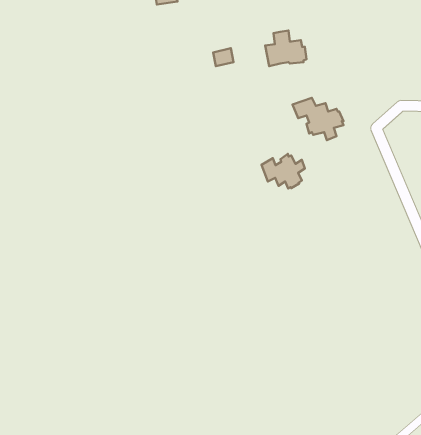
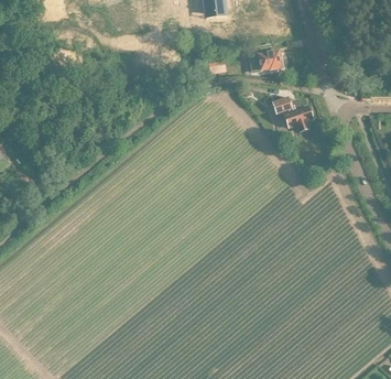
building: [261,154,305,188] -> none

